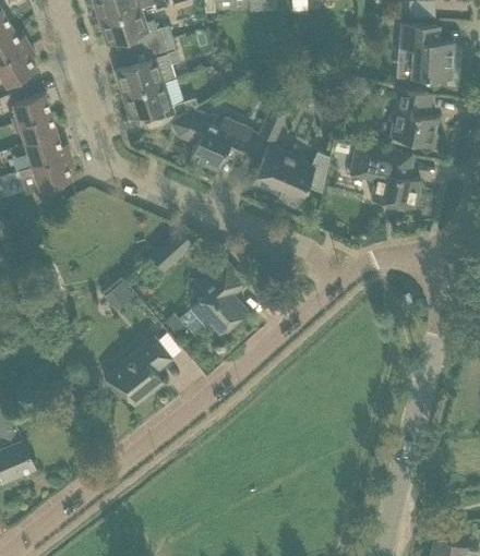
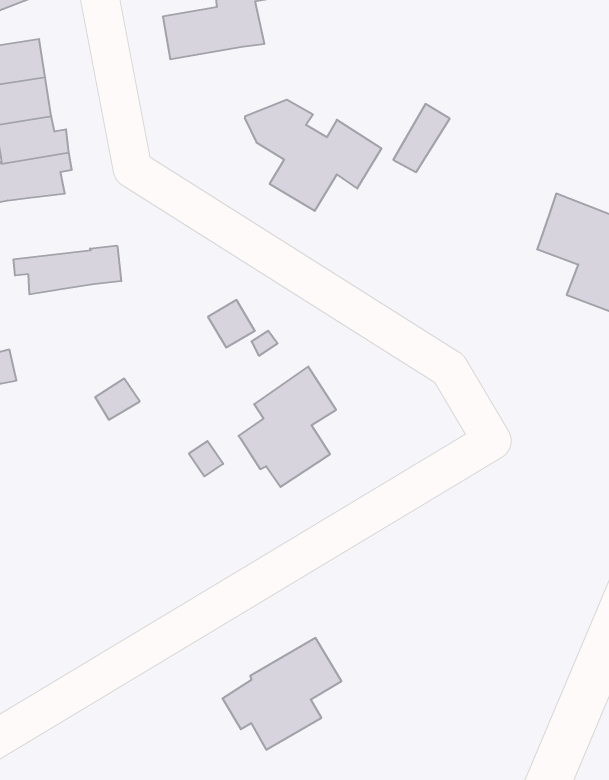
building: [122,83,197,123] -> none
building: [251,145,327,205] -> none
building: none -> [14,246,121,294]
building: [105,338,172,407] -> [222,638,342,750]

